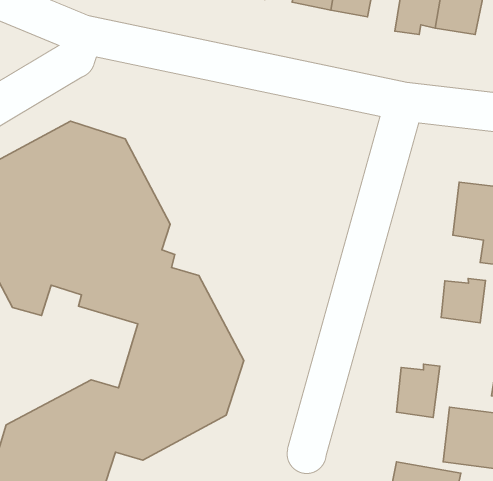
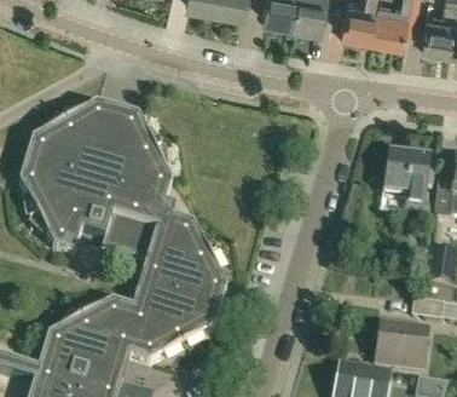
building: [441,278,486,323] -> none
building: [397,364,440,417] -> none

